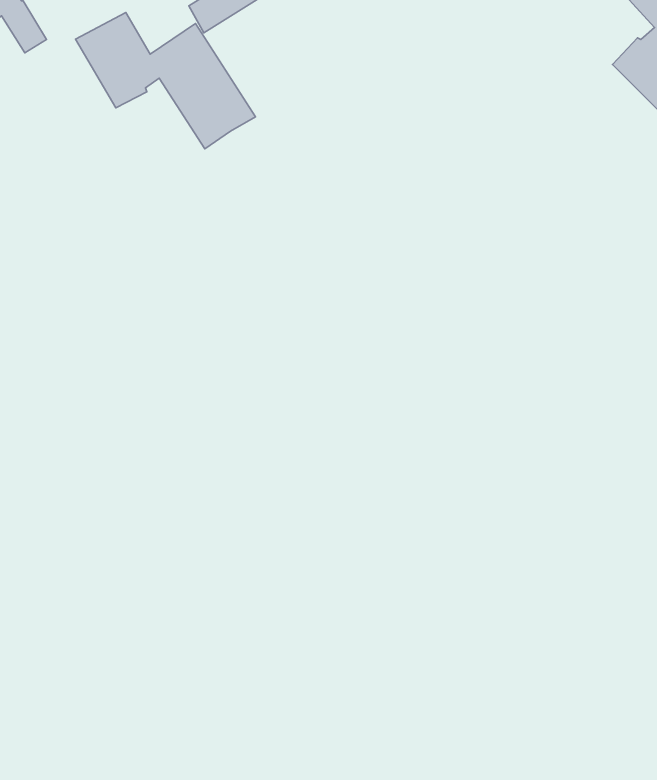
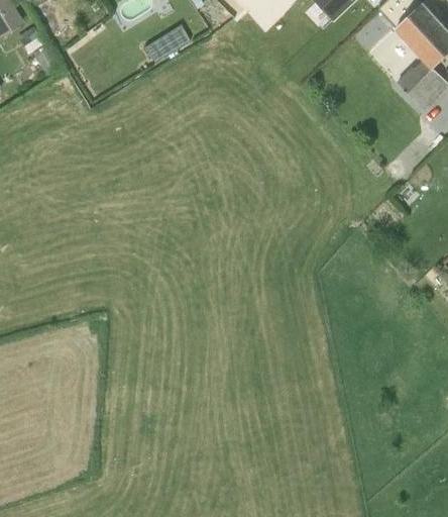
building: [76,13,256,149] -> none

